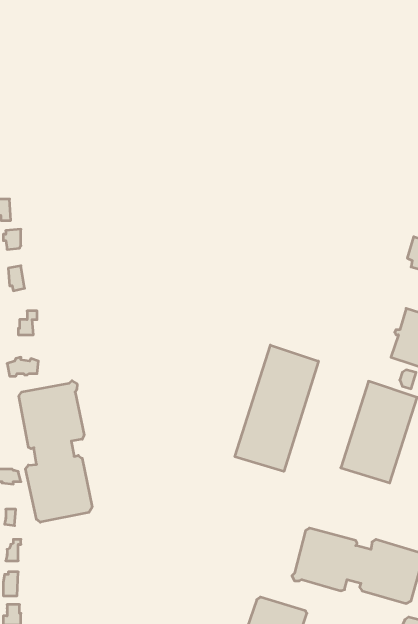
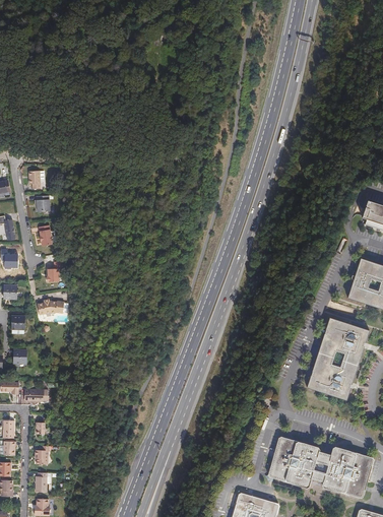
building: [235,345,318,471] -> none
building: [19,381,92,522] -> none

